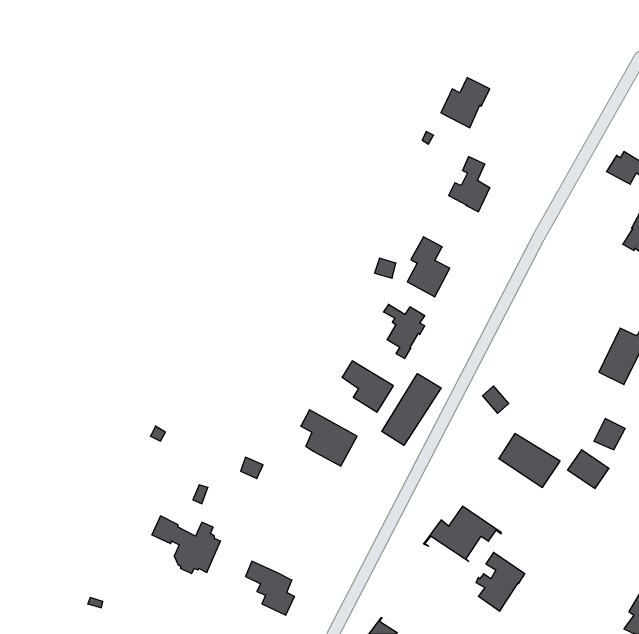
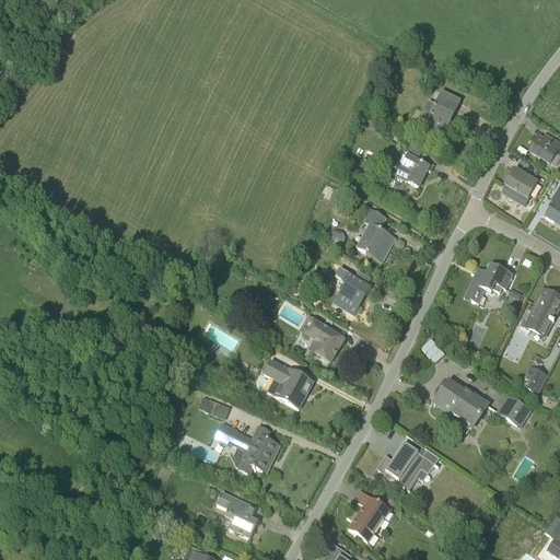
building: [441,78,490,128] -> [419,89,462,132]
building: none -> [503,166,538,202]
building: none -> [465,262,513,302]
building: [382,374,441,445] -> none
building: [152,516,221,574] -> [215,420,276,470]
building: [476,552,525,611] -> [348,490,390,541]

